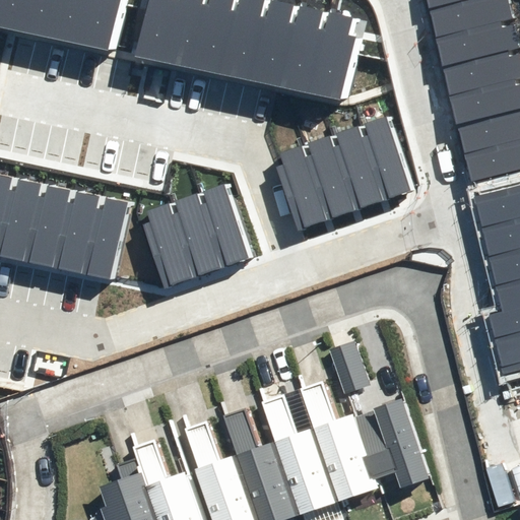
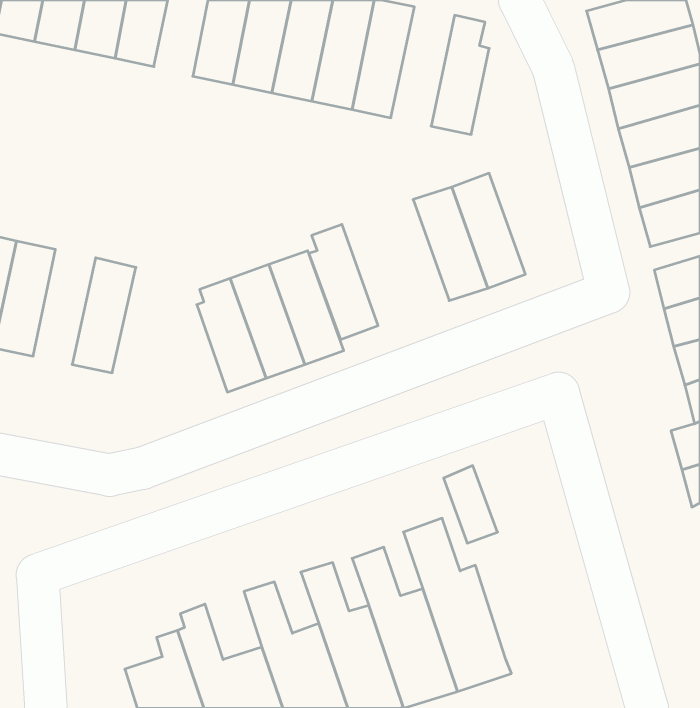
building: [286,5,333,92] -> none
building: [359,117,412,201] -> none
building: [278,146,329,231] -> [309,224,378,339]
building: [24,183,70,267] -> none
building: [82,196,128,280] -> none
building: [348,397,429,495] -> none

